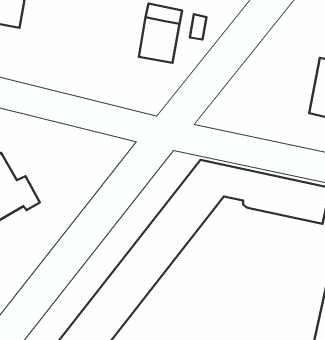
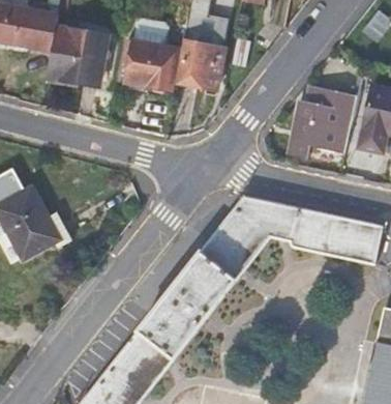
building: none -> [48,29,104,84]
building: none -> [125,39,179,91]
building: none -> [294,89,356,157]

